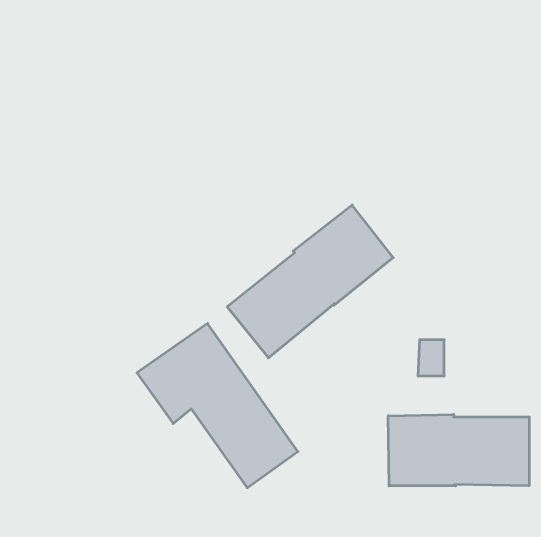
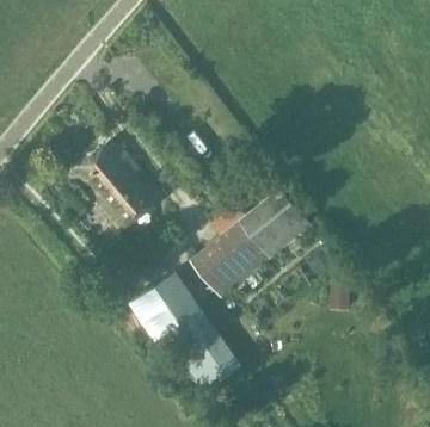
building: none -> [72,140,158,229]
building: [388,414,529,486] -> none

